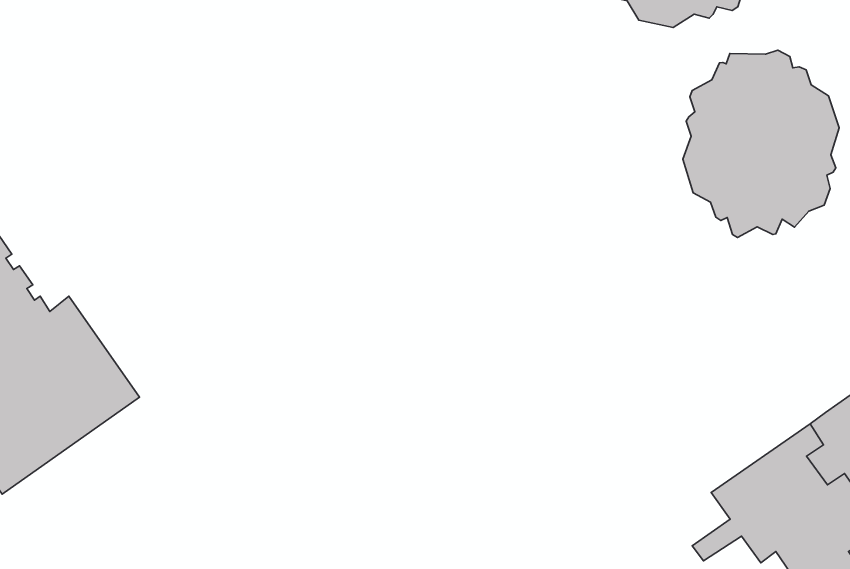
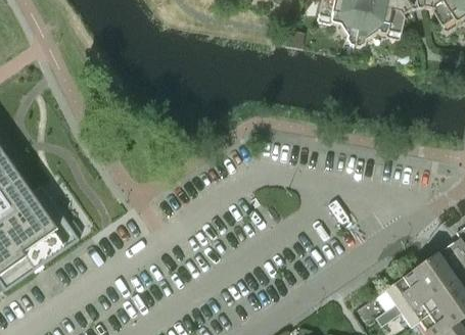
building: [683,50,839,238] -> none

